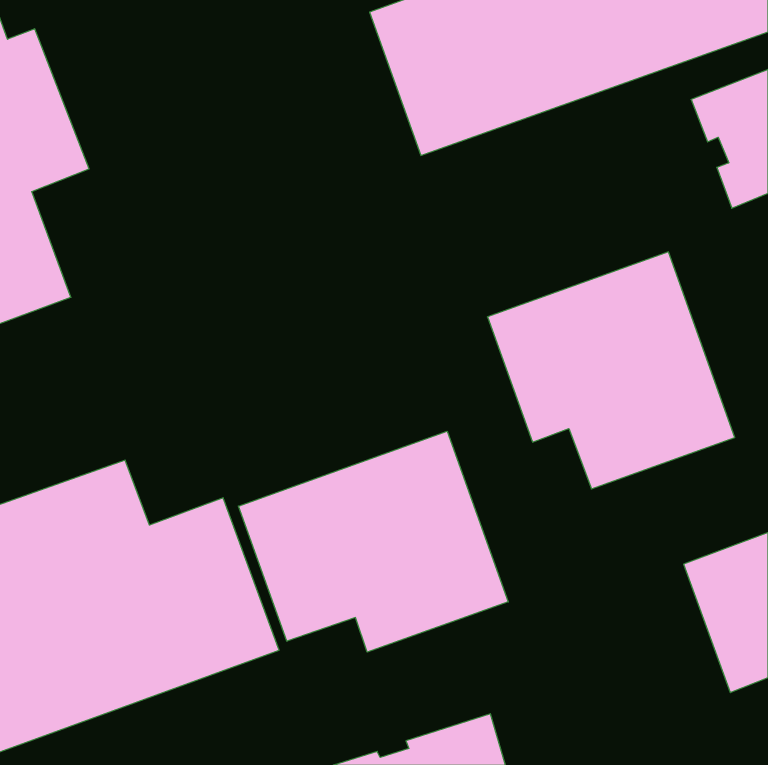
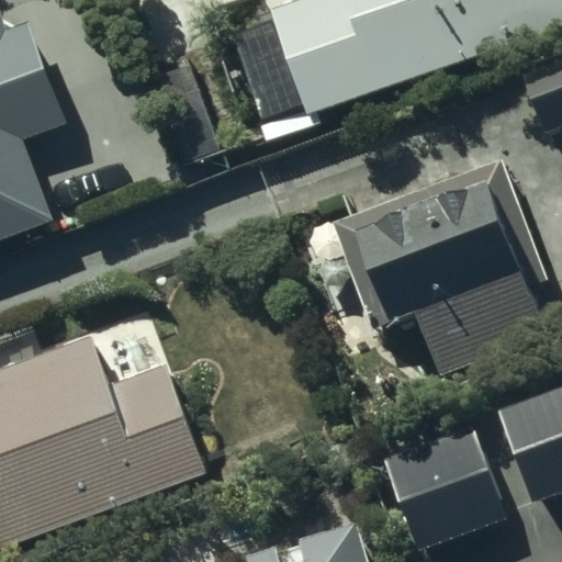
building: [238,431,508,652] -> none
building: none -> [385,425,510,549]

